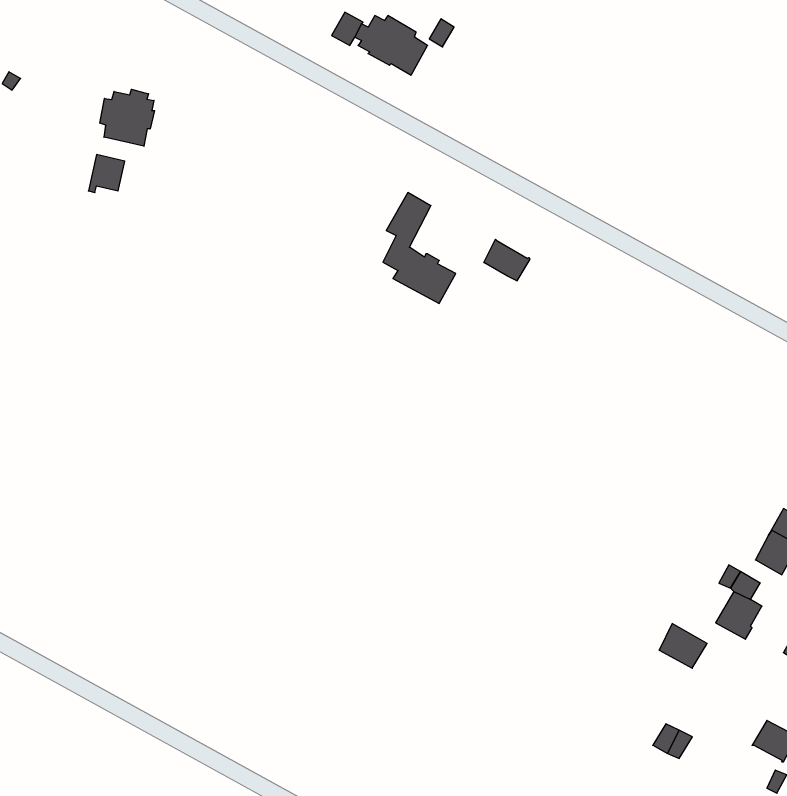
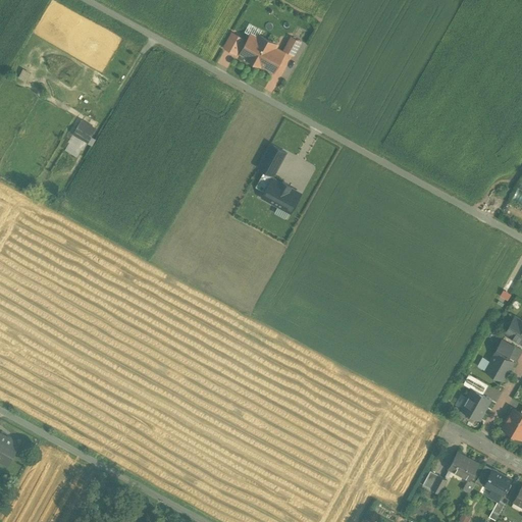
building: [100,89,155,146] -> none
building: [484,239,530,281] -> none
building: [659,624,707,668] -> [449,454,478,481]

